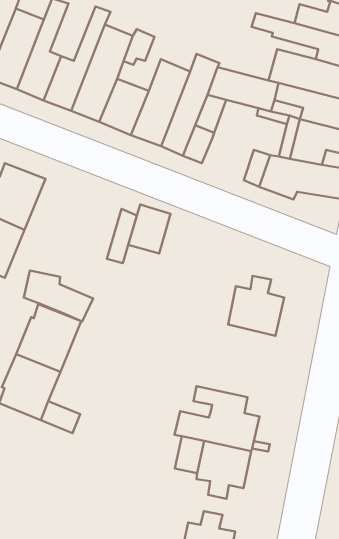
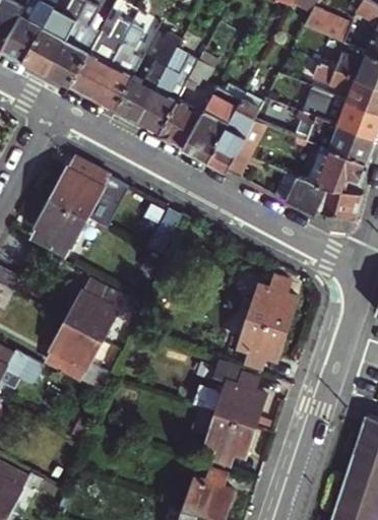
building: [128,204,170,254] -> none
building: [24,271,93,321] -> none
building: none -> [238,316,287,368]

